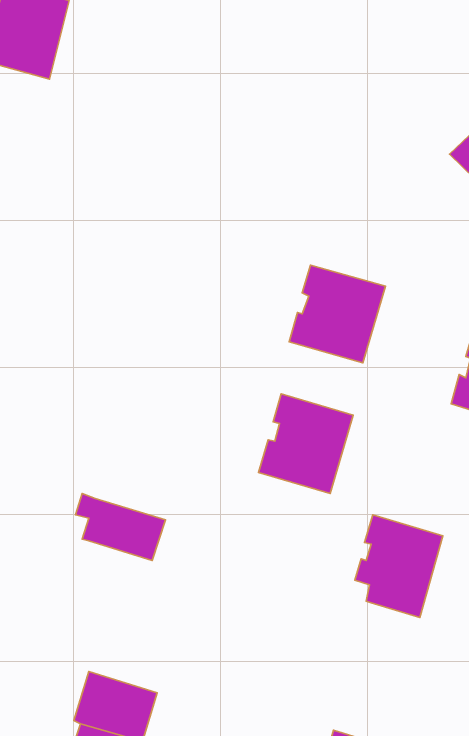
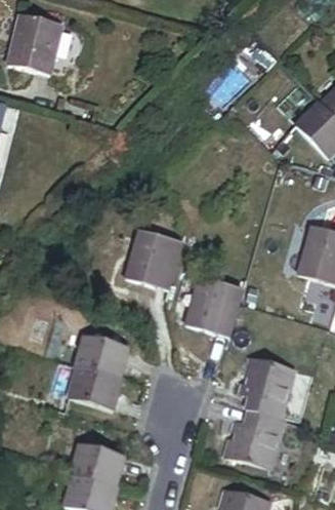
building: [289,265,386,363] -> [123,222,183,283]
building: none -> [66,368,119,410]
building: none -> [227,407,287,465]

